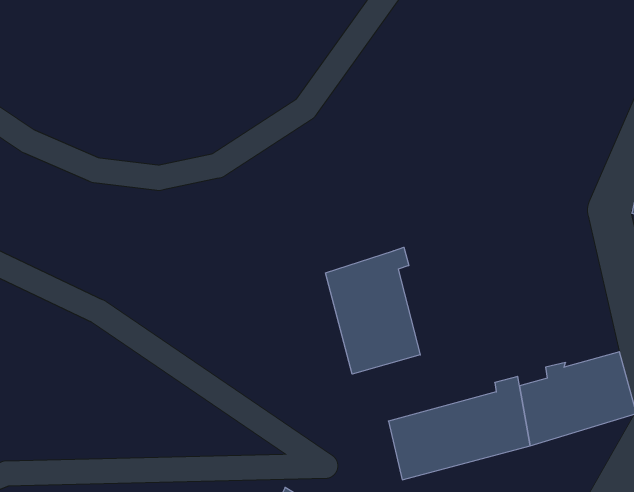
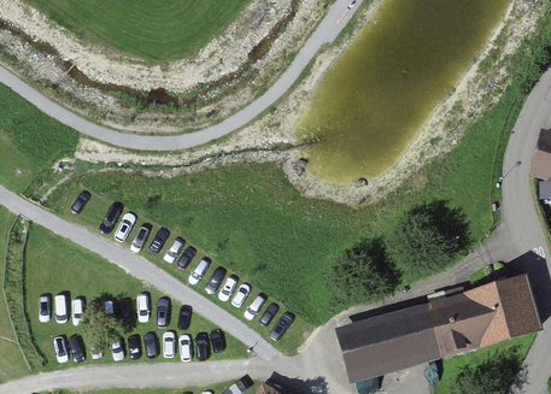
building: [325,247,420,374] -> none

